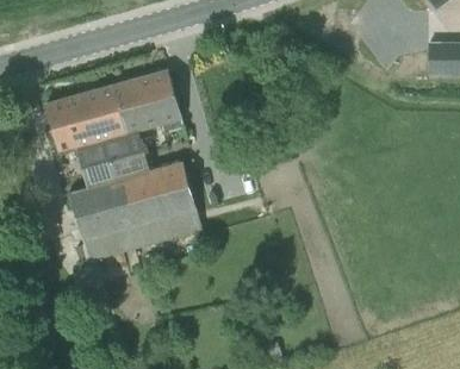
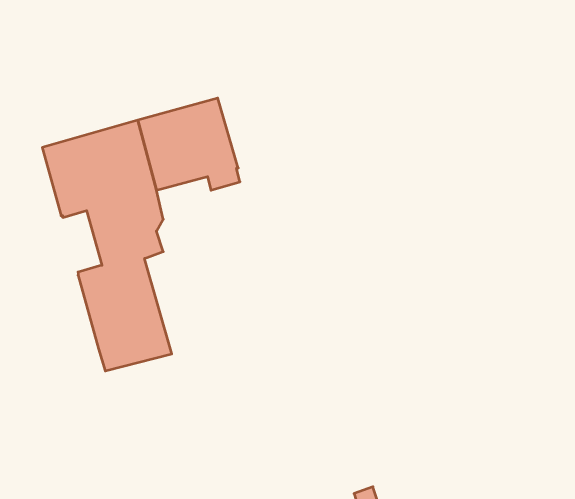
building: [117,164,203,250] -> none

